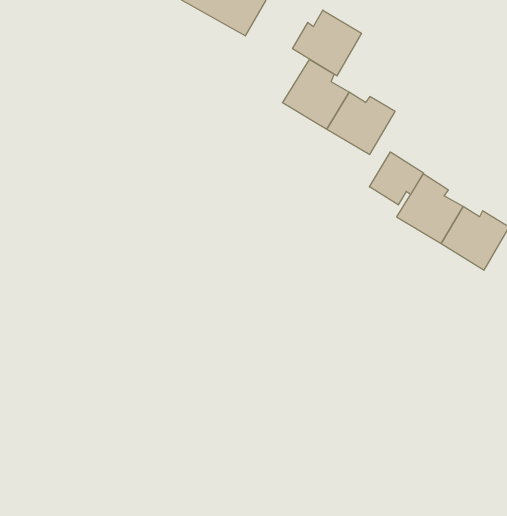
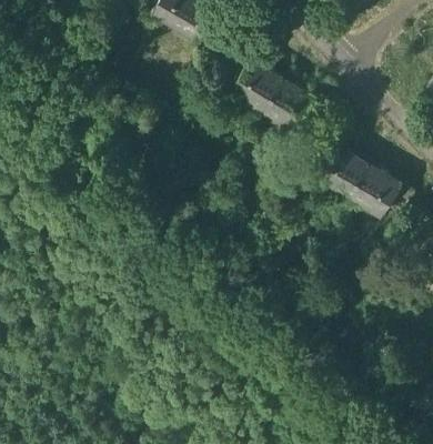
building: [293,10,362,76] -> none
building: [369,152,424,205] -> none

